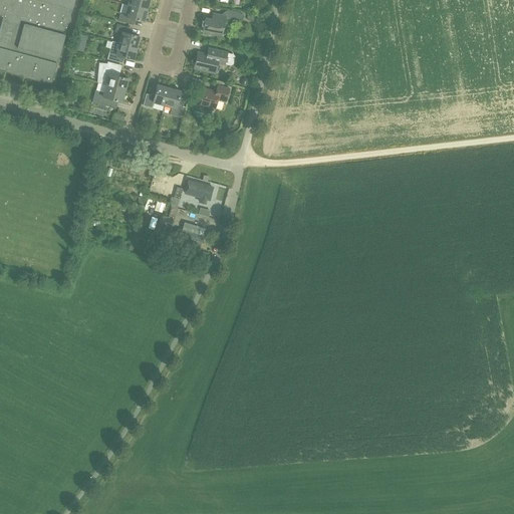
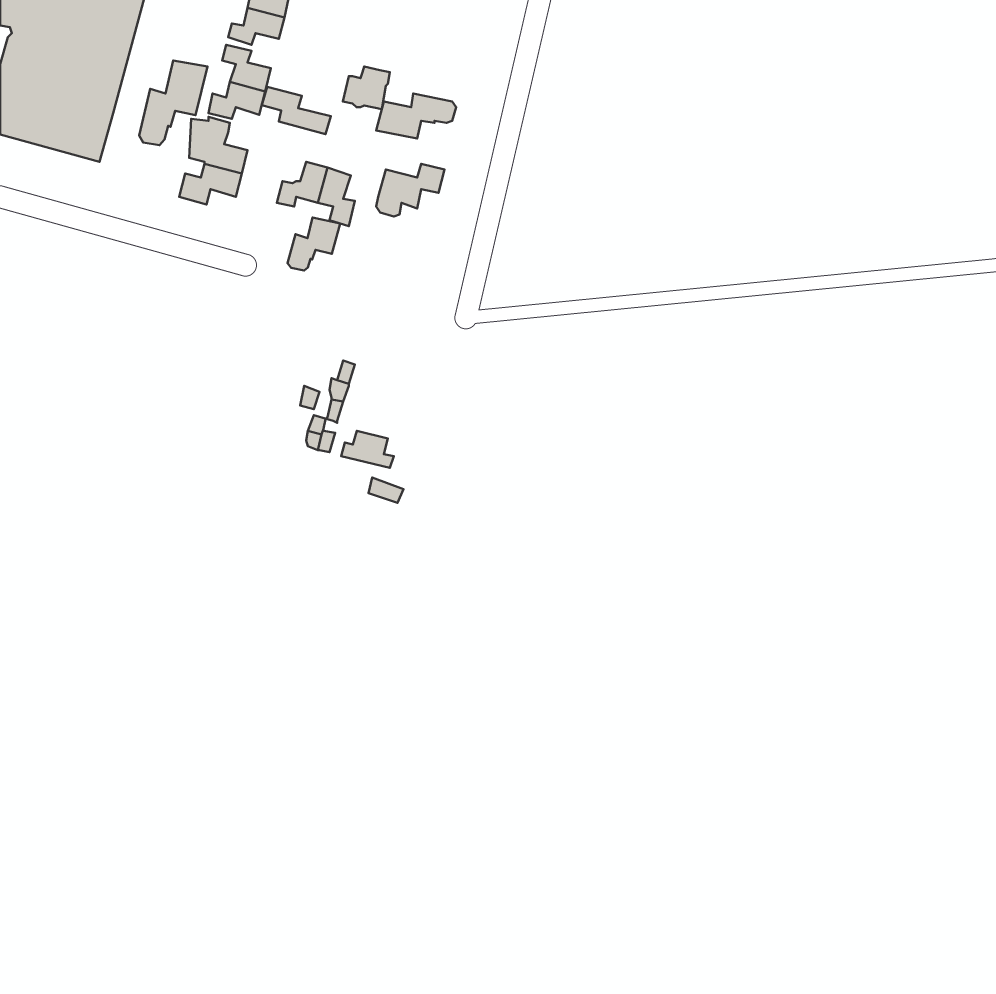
building: [202,12,226,34] -> [343,66,390,109]
building: none -> [139,61,208,145]
building: none -> [262,87,331,134]
building: none -> [288,218,340,271]
building: [184,178,214,198] -> none

